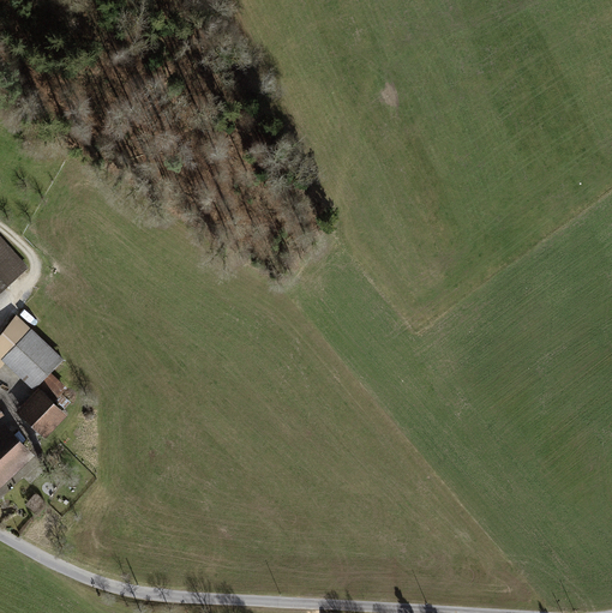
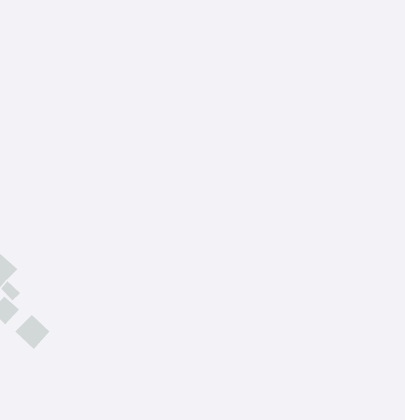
building: none -> [14,314,50,350]

